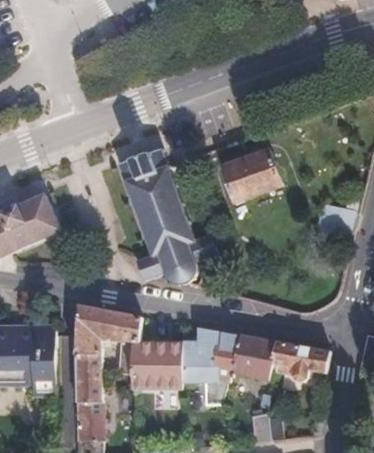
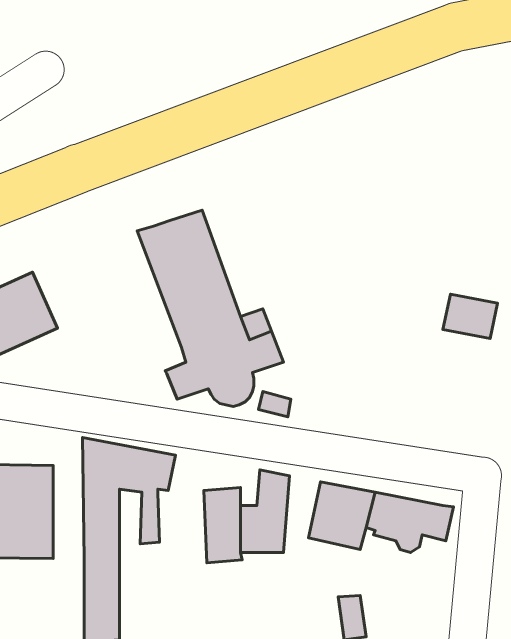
building: [221,151,281,203] -> none
building: [213,331,238,383] -> none
building: [128,341,161,391] -> none

